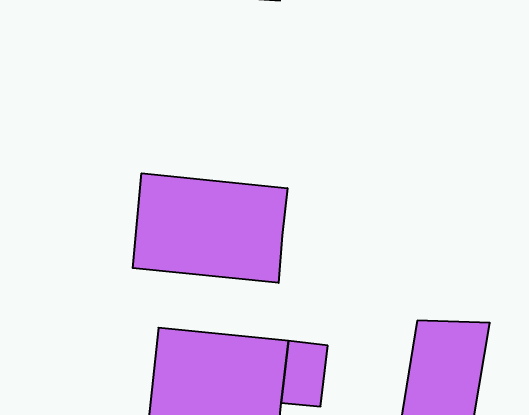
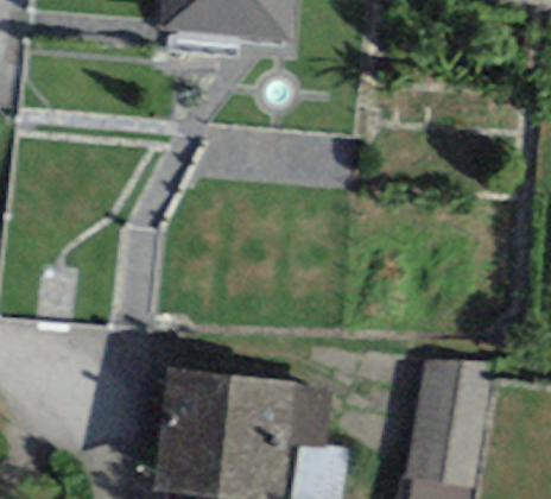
building: [133,173,287,283] -> none

